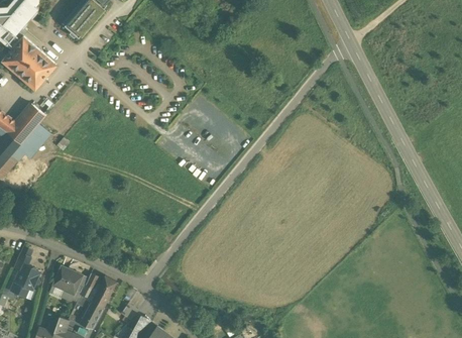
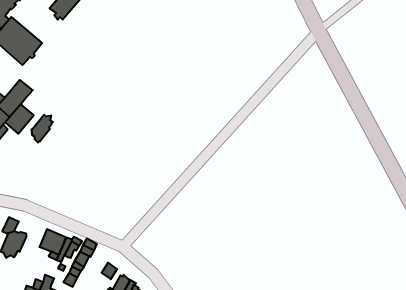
building: none -> [32,115,53,143]

